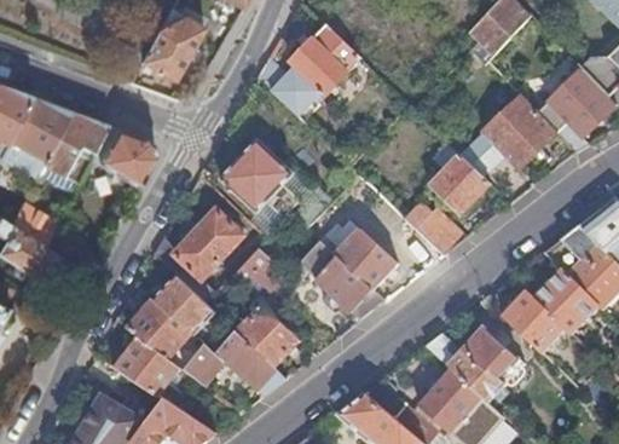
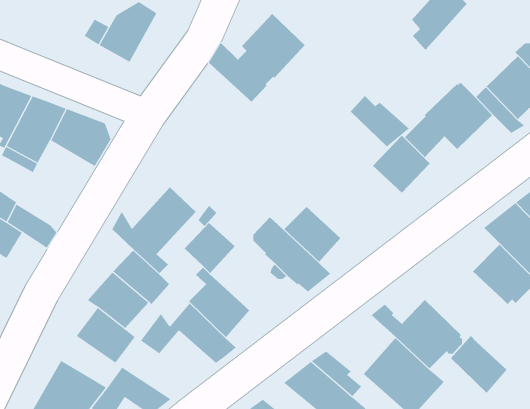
building: [219,138,299,217] -> none
building: [404,200,467,254] -> [350,95,410,147]
building: [504,289,565,351] -> [450,335,507,394]

